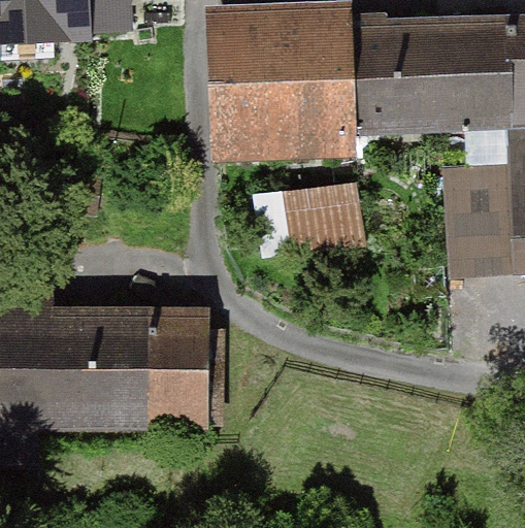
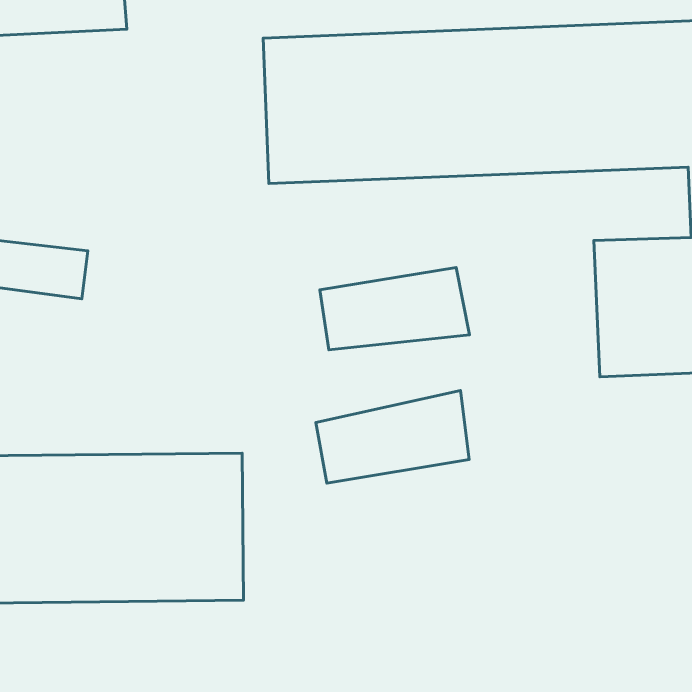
building: none -> [316,390,469,483]

